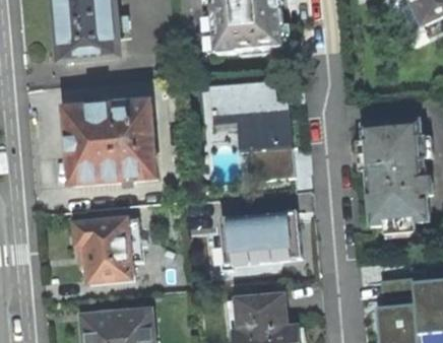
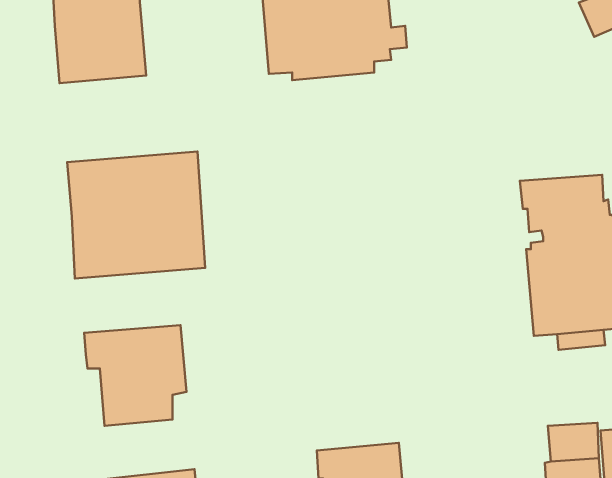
building: [210,81,295,180] -> none
building: [216,208,301,268] -> none

